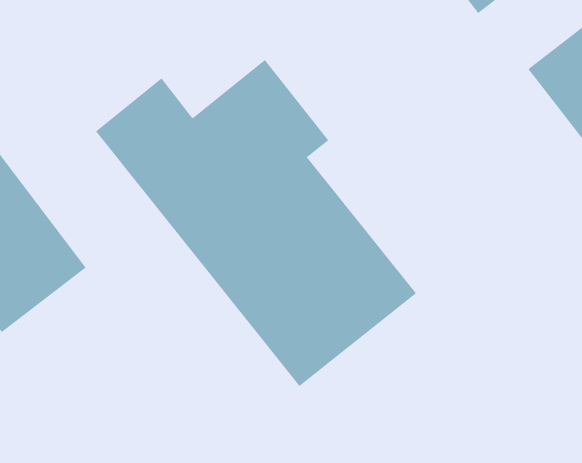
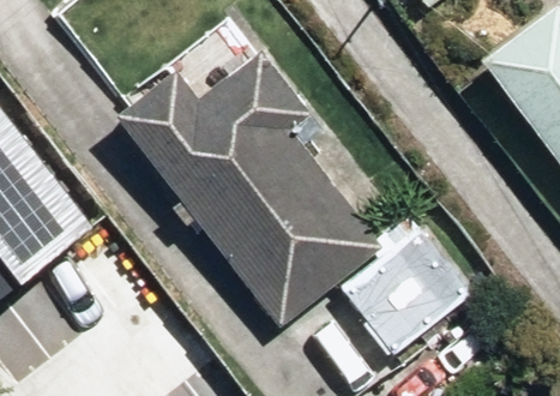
building: none -> [345,229,471,353]

